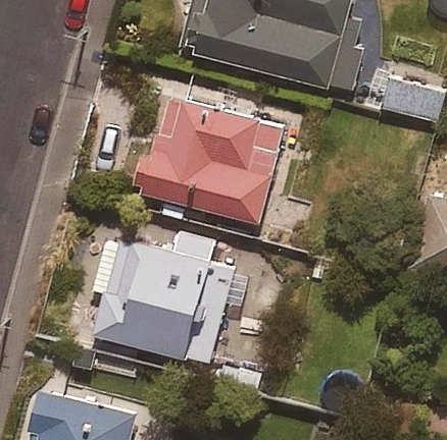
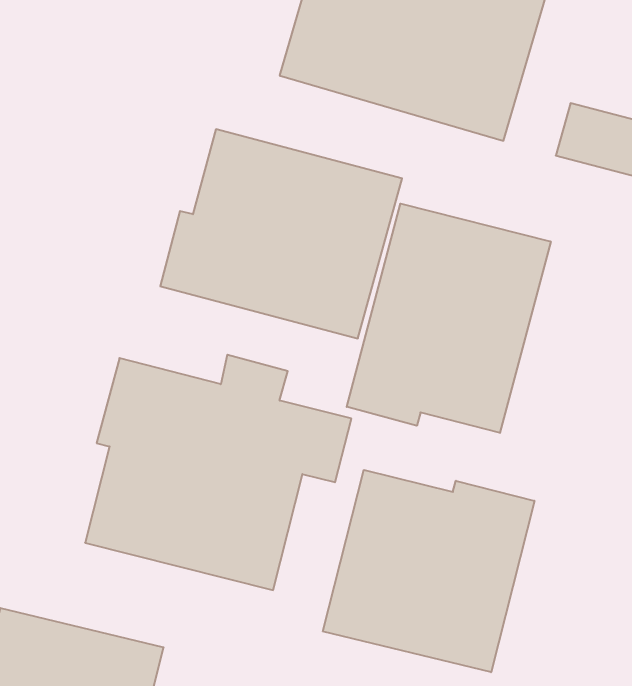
building: none -> [347,204,551,433]
building: none -> [323,470,534,672]

